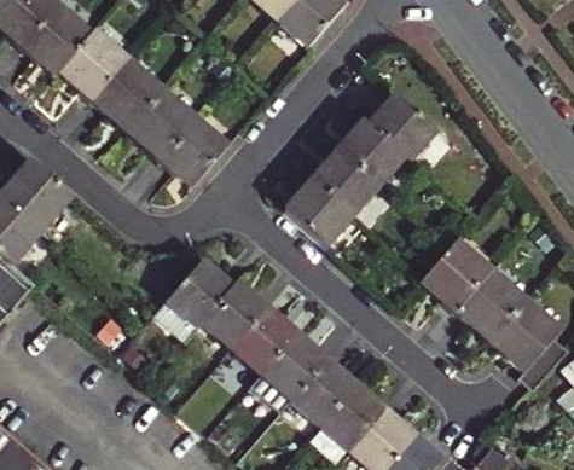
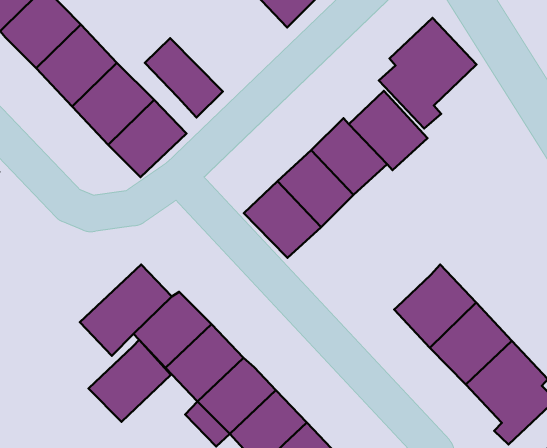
building: none -> [379,18,477,129]
building: none -> [145,38,223,117]
building: none -> [88,340,171,422]

